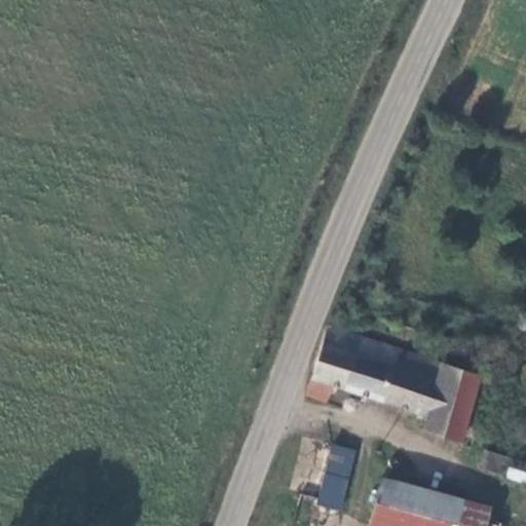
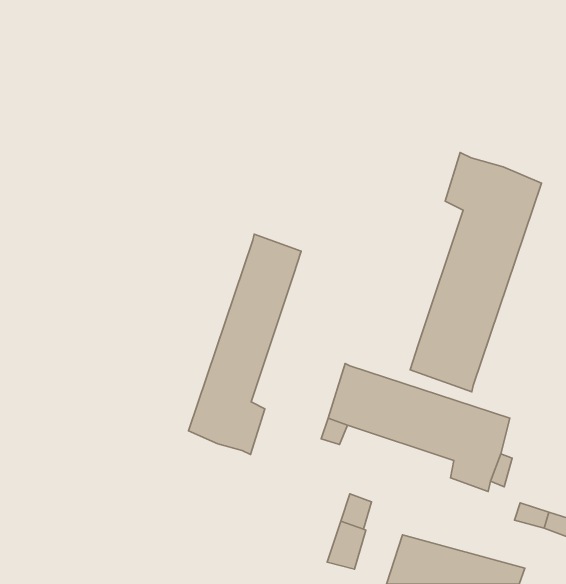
building: none -> [410,153,541,392]
building: none -> [189,234,301,455]

